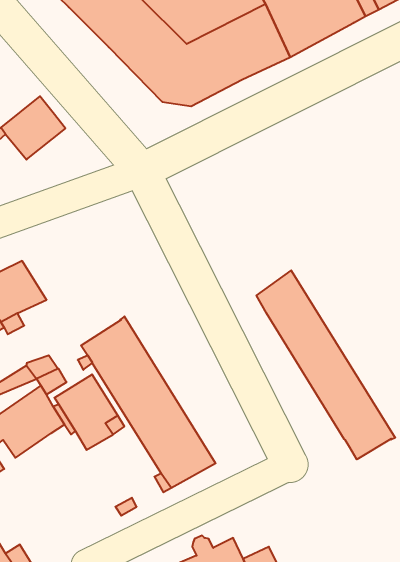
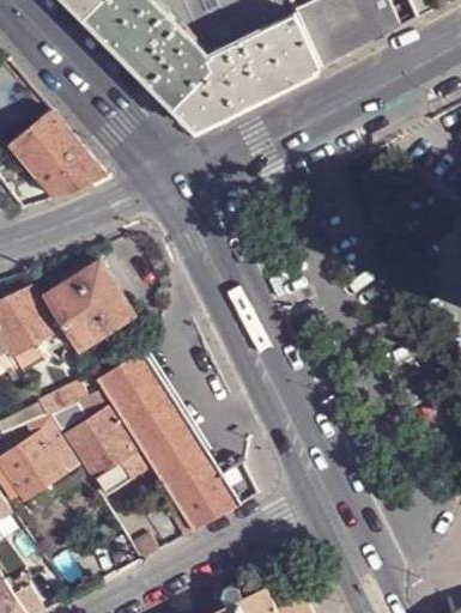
building: none -> [35,145,103,199]
building: none -> [42,265,133,350]
building: [256,270,395,459] -> none

